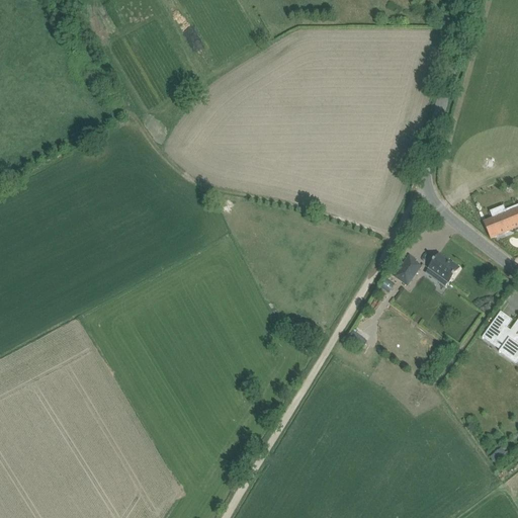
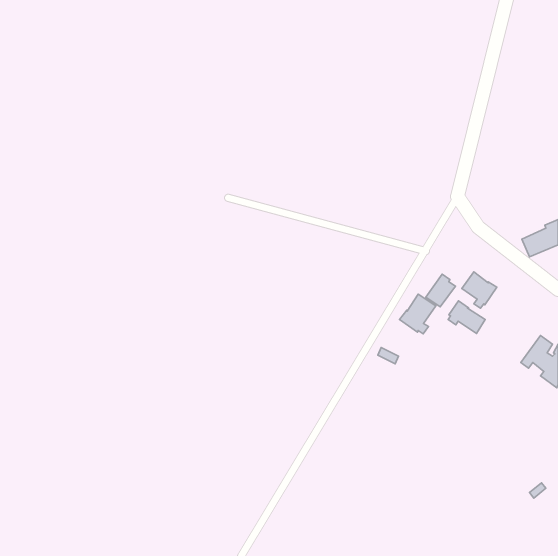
building: none -> [400,294,436,334]
building: none -> [448,301,485,334]

